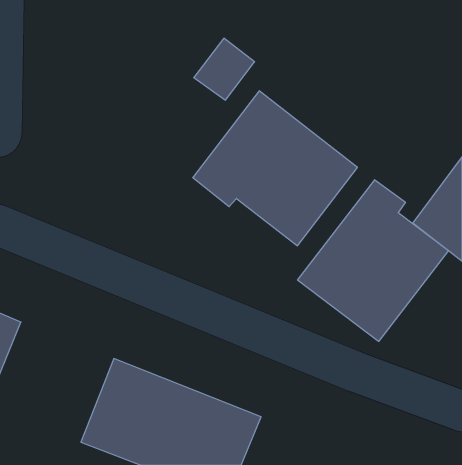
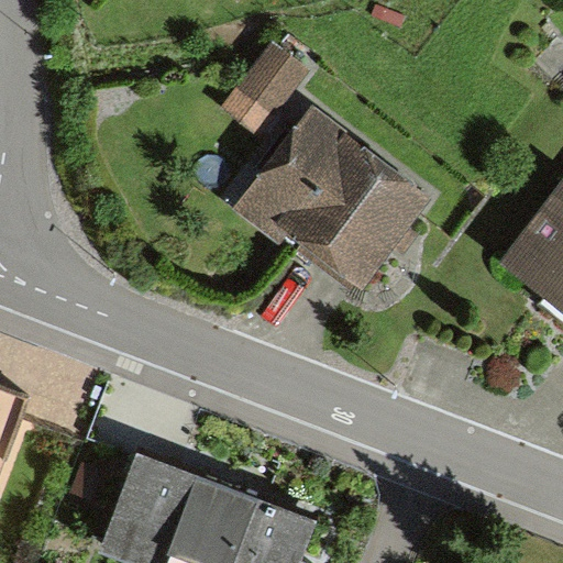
building: [298,180,448,341] -> none

